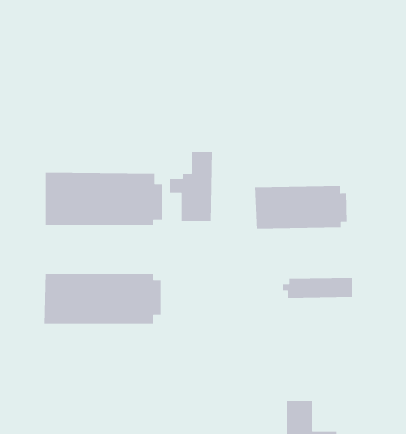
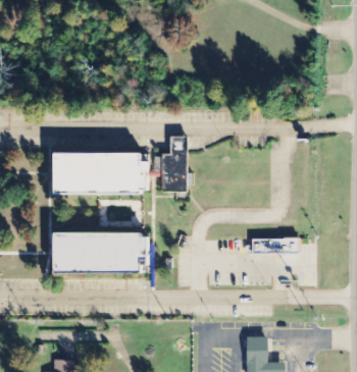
building: [254,185,348,230] -> none

